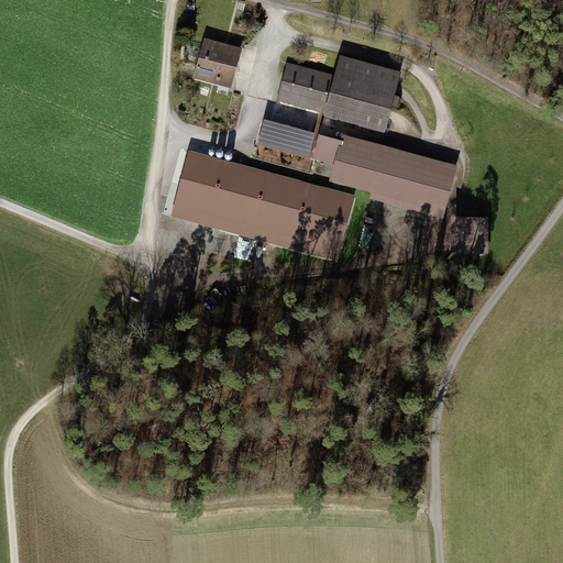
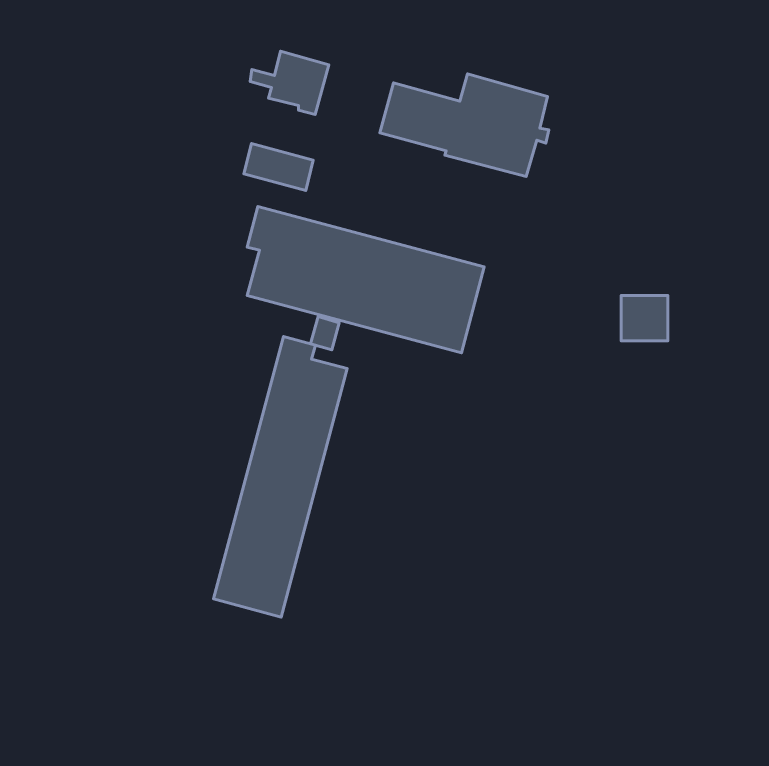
building: [258,120,309,154] -> [244,144,313,190]
building: [313,134,451,212] -> none
building: none -> [214,336,347,617]

